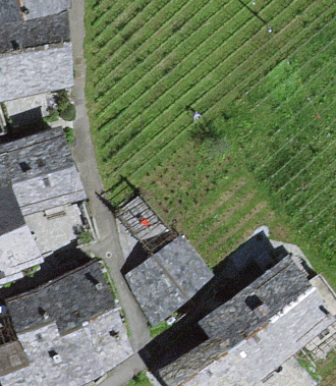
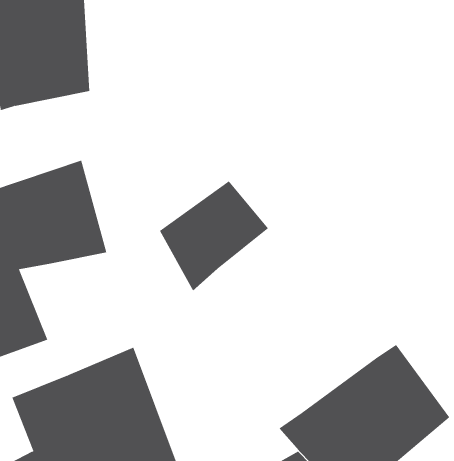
building: [129,240,209,321] -> [159,180,269,291]

